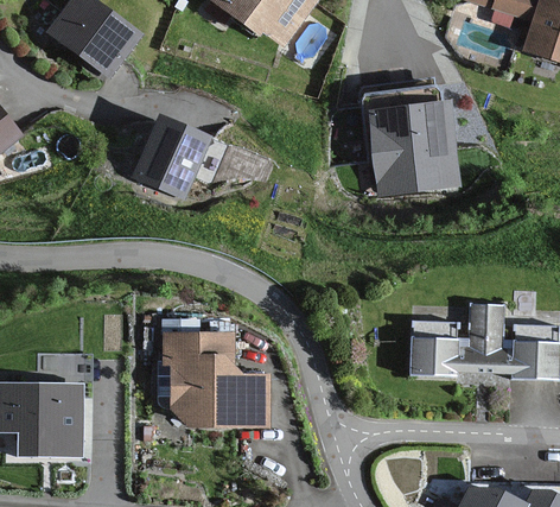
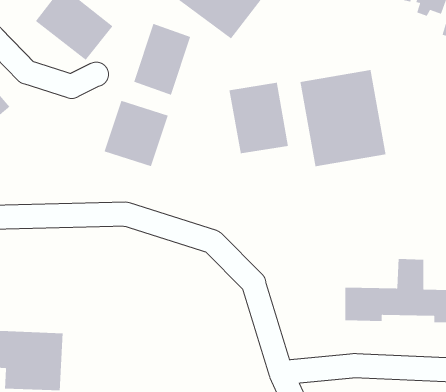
building: none -> [133,23,191,96]
building: none -> [229,82,289,154]
building: [160,335,263,426] -> none

